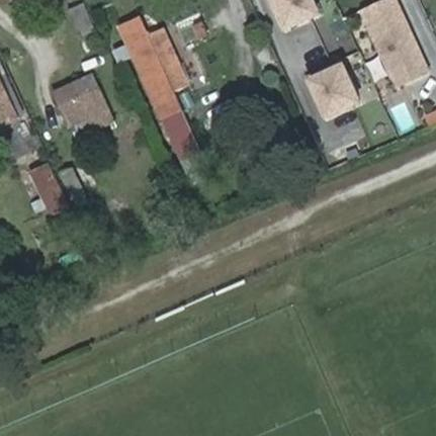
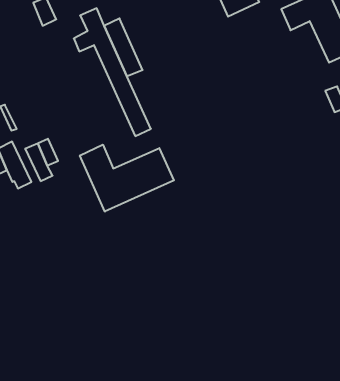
building: [310,62,357,112] -> none
building: [53,74,110,125] -> none
building: none -> [80,145,174,212]

